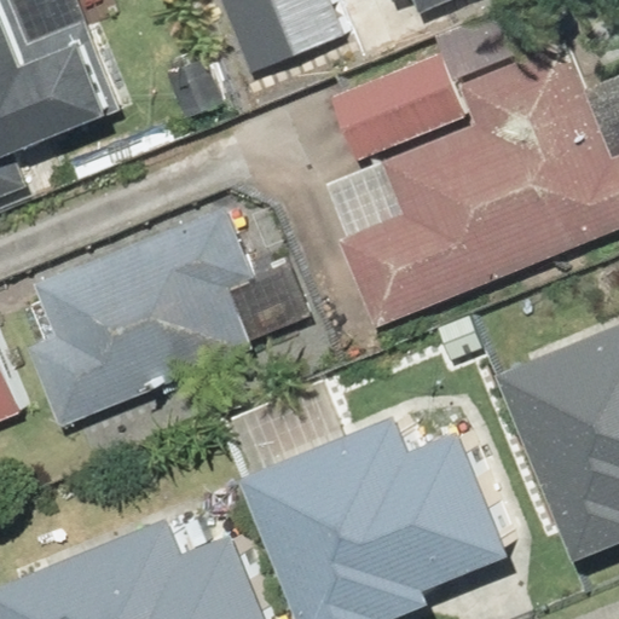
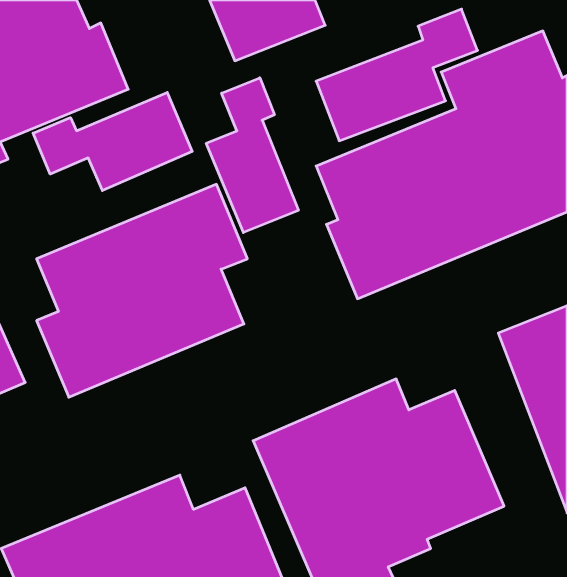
building: none -> [206,78,298,233]
building: none -> [33,92,192,191]

